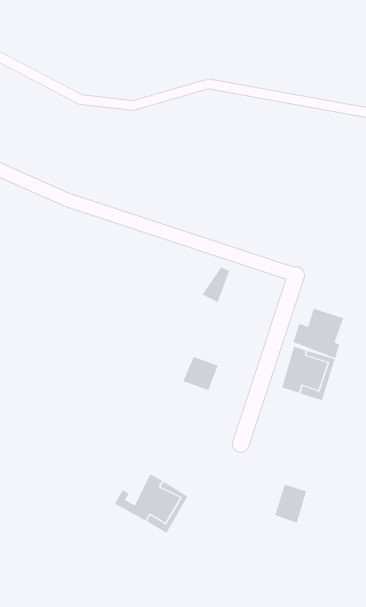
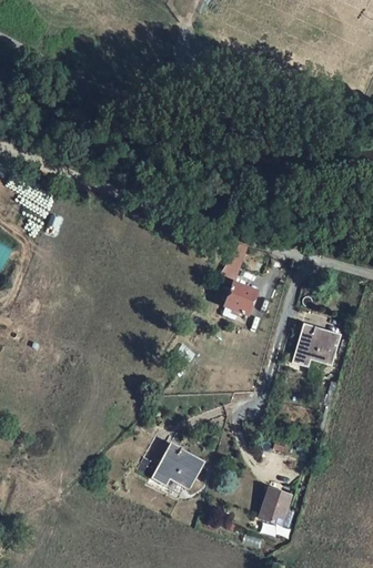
building: [293,308,344,359] -> none
building: [182,356,218,391] -> [223,282,256,314]
building: [275,484,307,523] -> [260,487,290,524]

